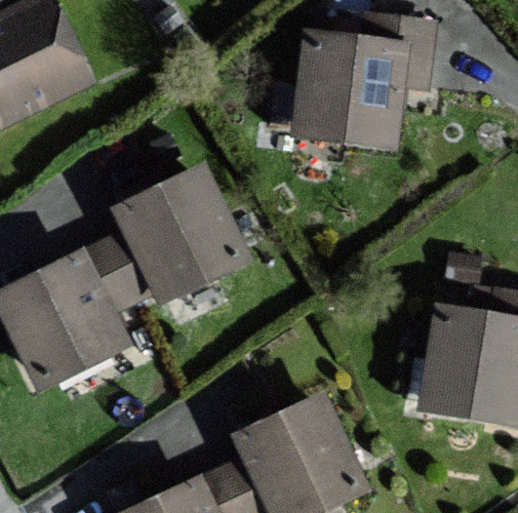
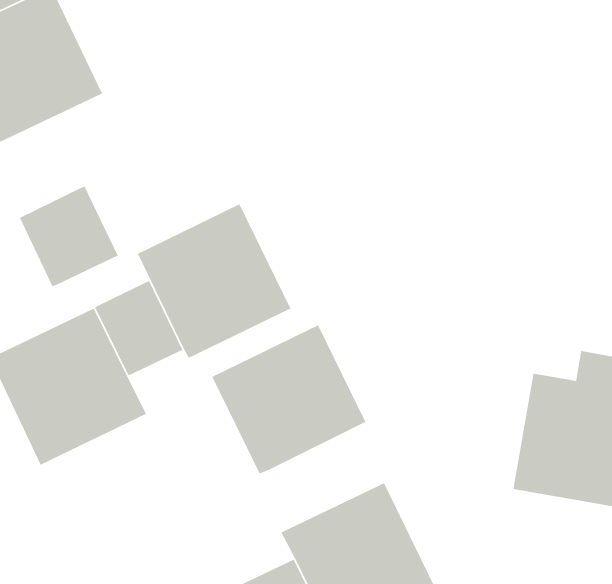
building: [295,14,433,143] -> none
building: none -> [19,185,119,287]
building: none -> [211,324,366,475]

